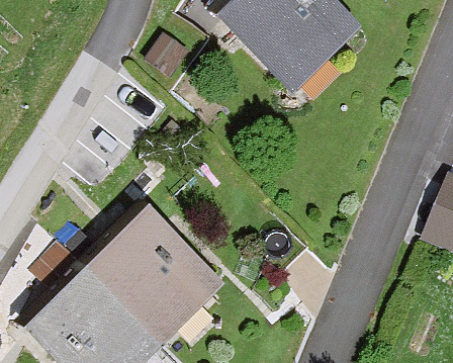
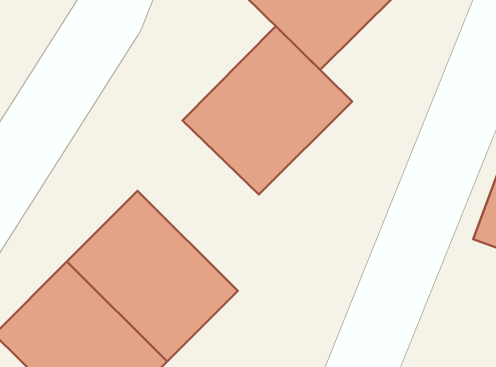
building: none -> [183,26,352,195]

